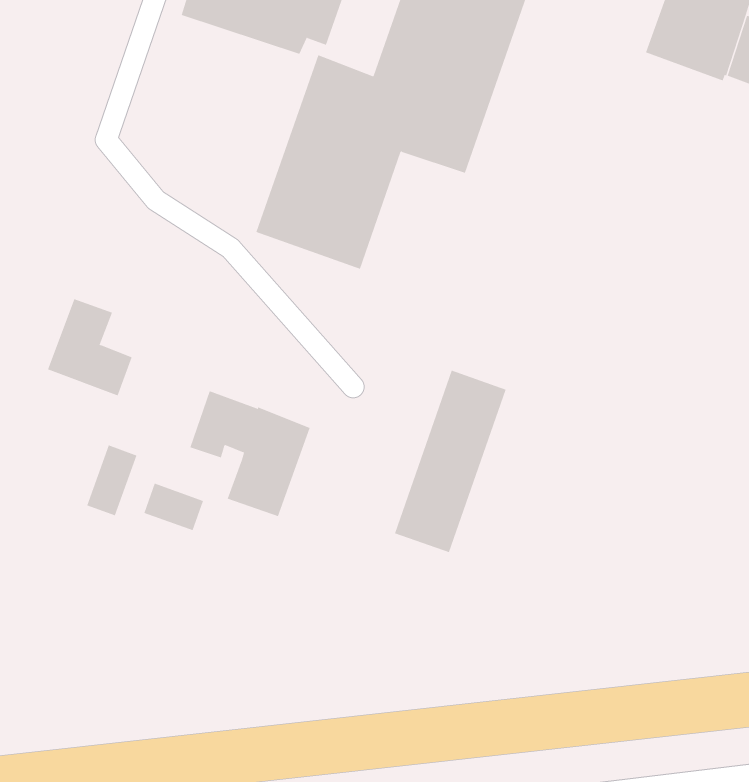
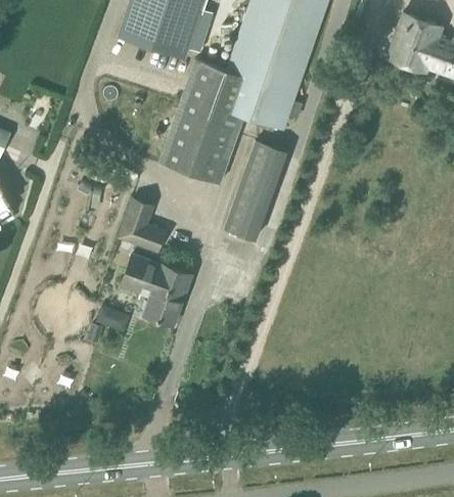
building: [47,298,132,396] -> [117,197,166,254]
building: [394,370,506,553] -> [223,141,287,246]
building: [87,445,137,516] -> none

